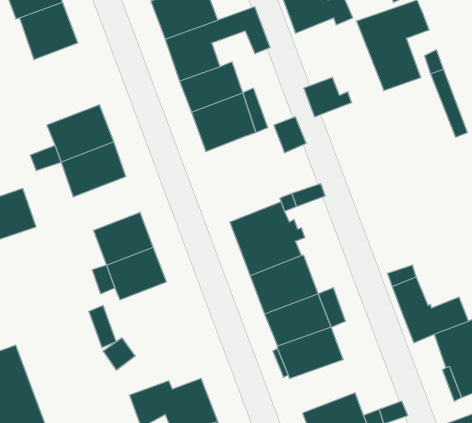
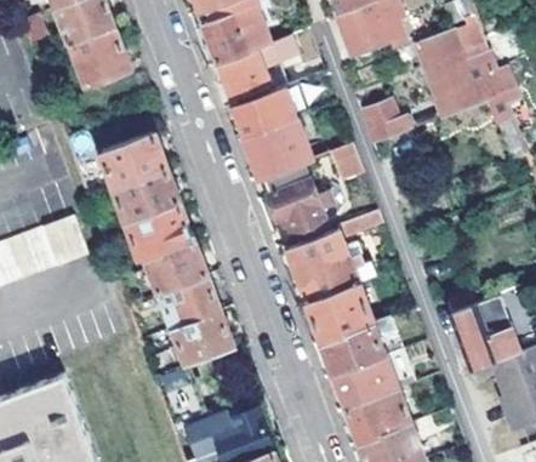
building: none -> [261,162,330,236]
building: none -> [126,204,194,261]
building: none -> [173,310,234,365]
building: none -> [346,389,412,444]

